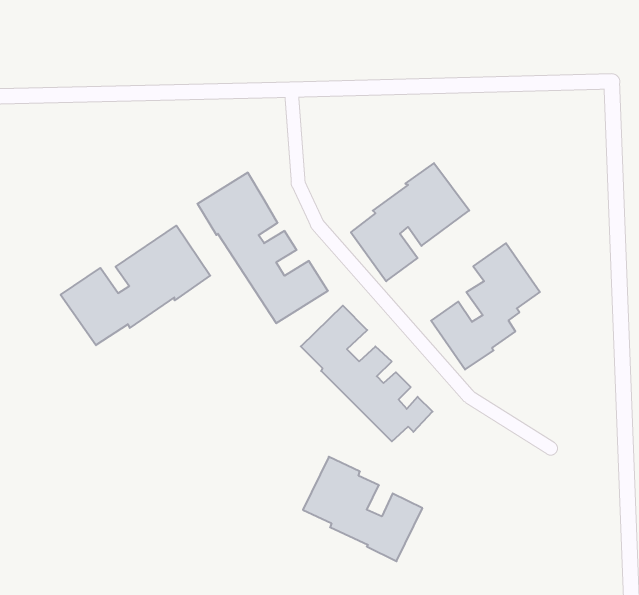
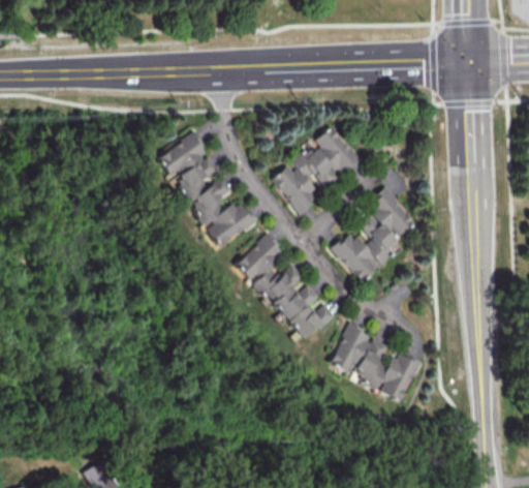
building: [61,226,210,345] -> none
building: [303,457,422,561] -> [330,323,421,402]

